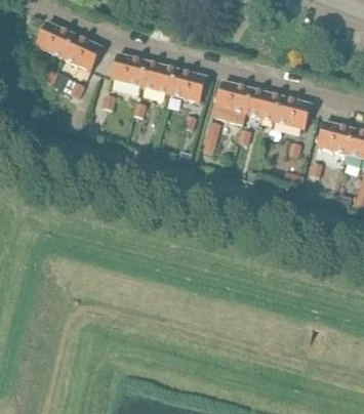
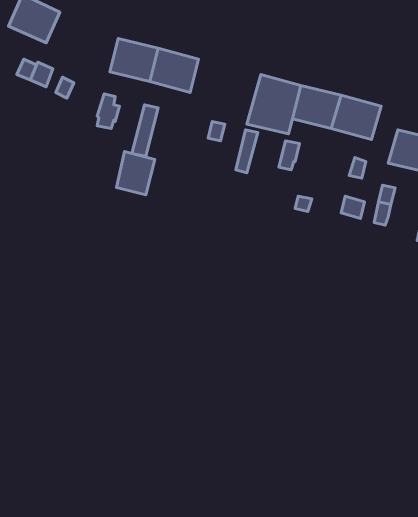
building: [64,35,103,71] -> none
building: [170,70,206,101] -> none
building: none -> [116,151,155,195]

